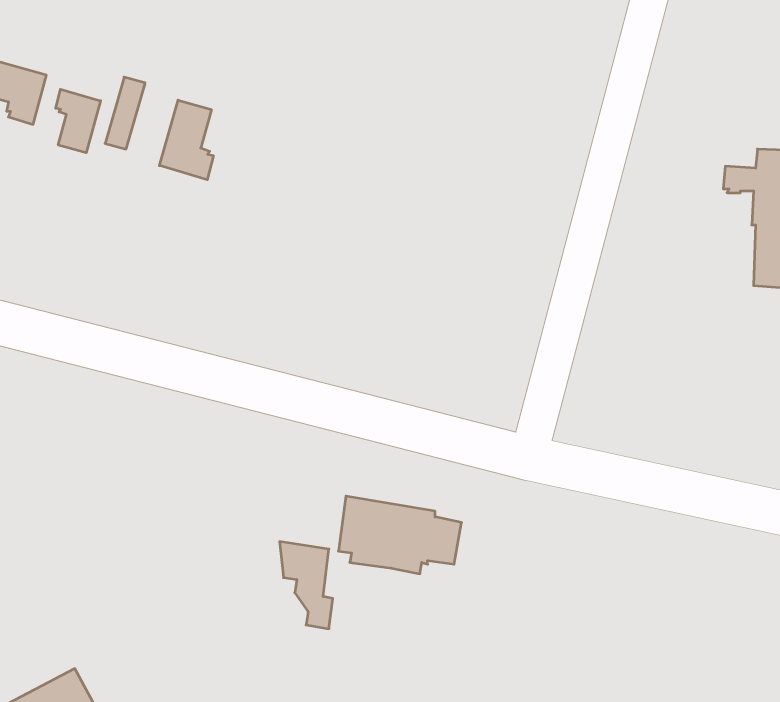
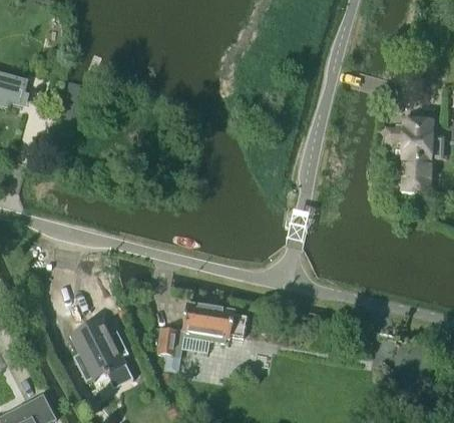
building: [56,89,101,153] -> none
building: [159,100,213,180] -> none
building: none -> [71,313,117,380]

